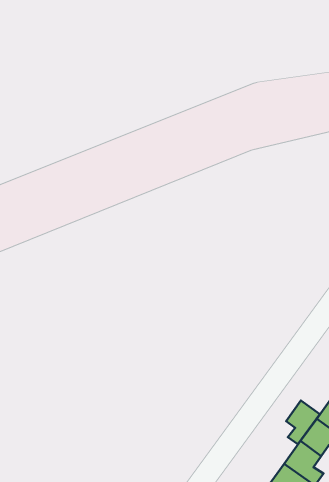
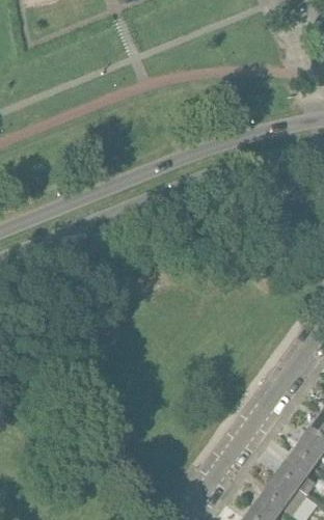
building: [286,400,320,444] -> none

